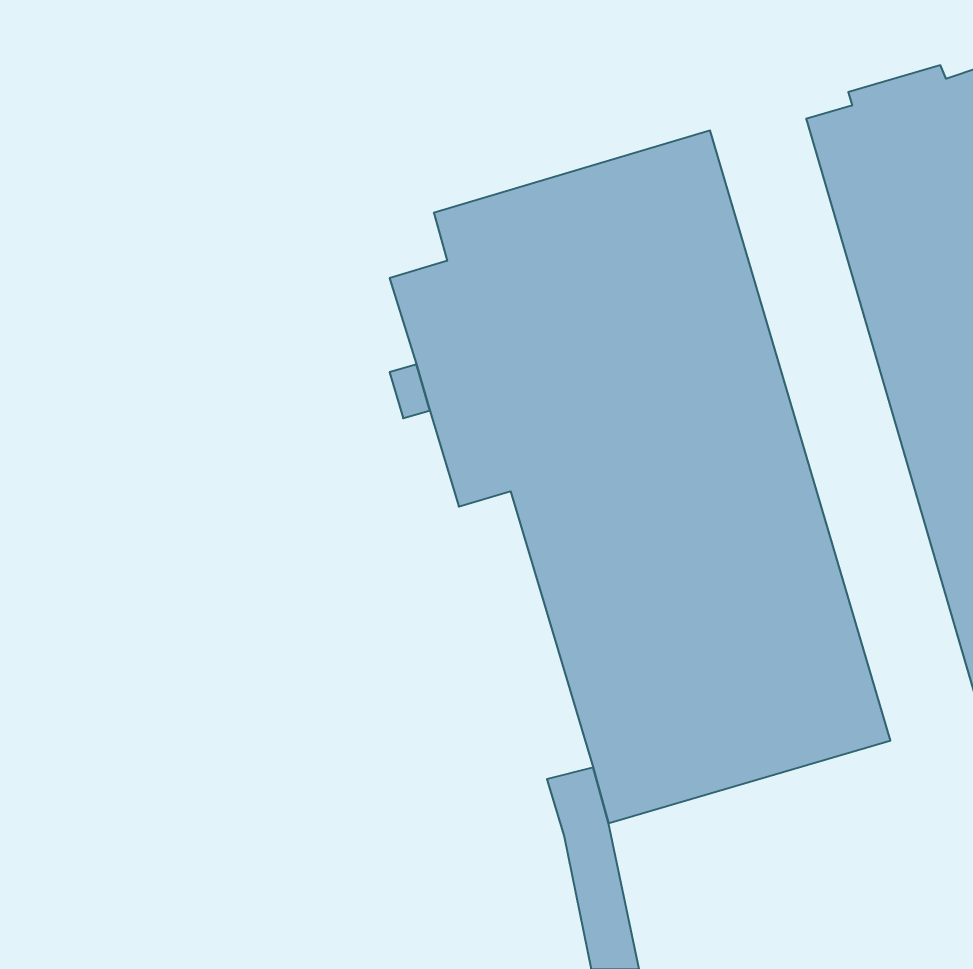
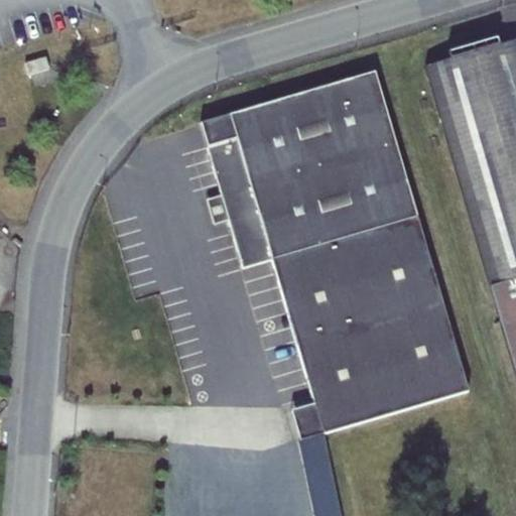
building: none -> [202,112,239,146]

